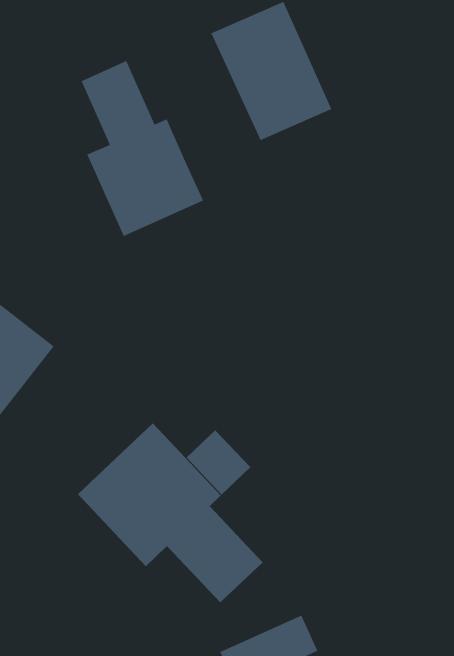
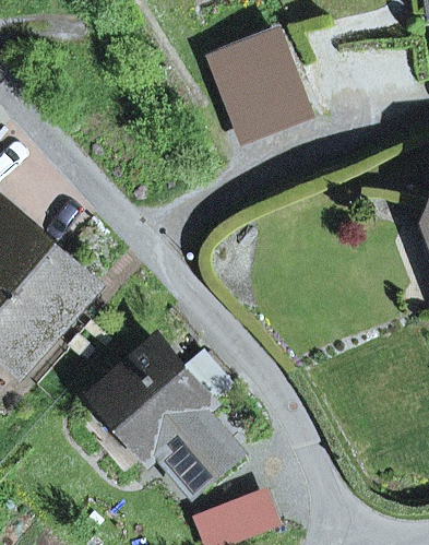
building: [81,60,204,237] -> none

